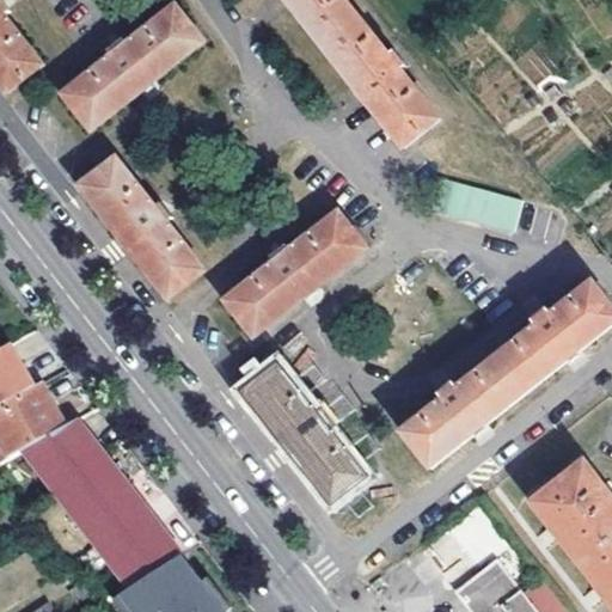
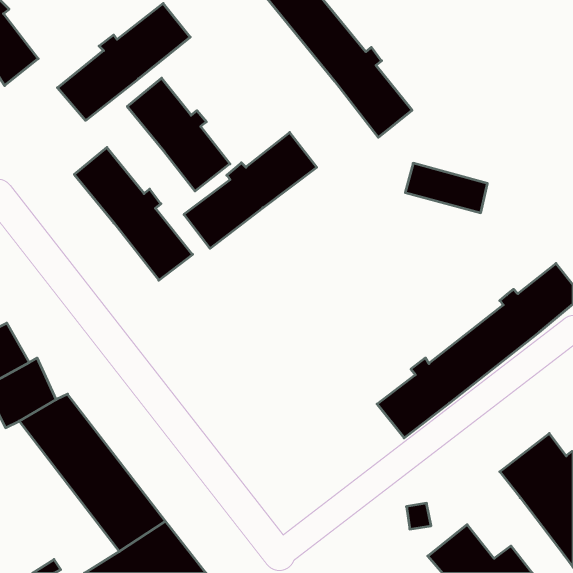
building: none -> [127,78,230,191]
building: [225,210,366,333] -> [184,132,317,248]
building: [240,362,366,503] -> none

